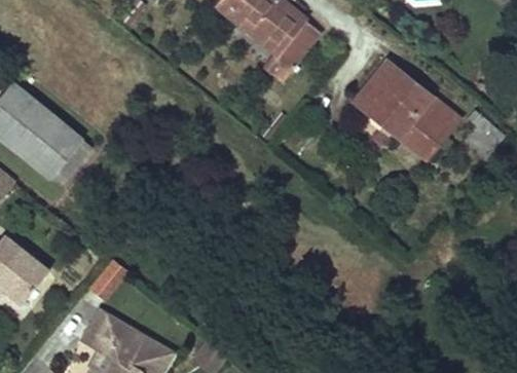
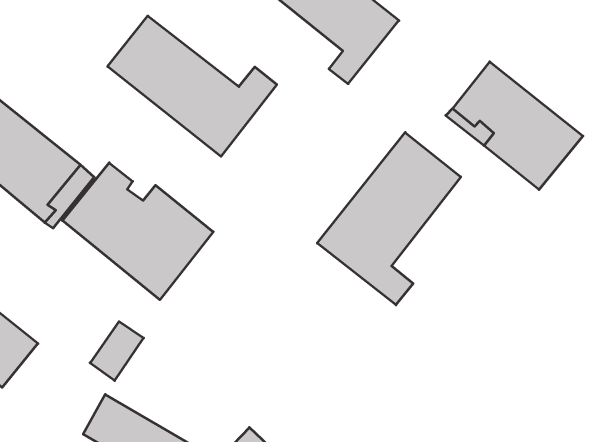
building: none -> [108,16,277,156]
building: none -> [317,132,461,305]
building: none -> [62,163,213,300]

